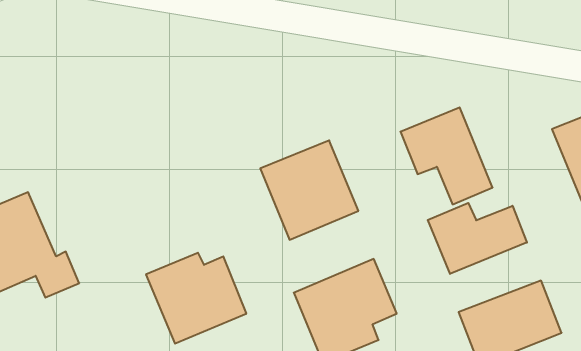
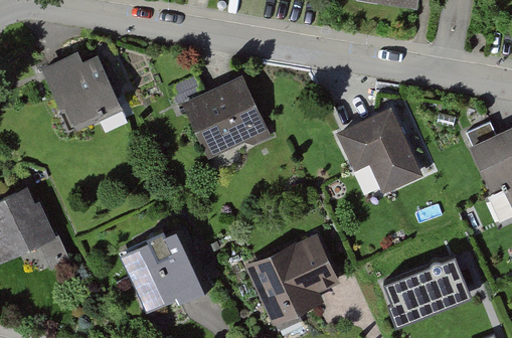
building: none -> [42,48,124,129]
building: [260,140,358,240] -> [185,74,267,157]
building: [428,203,527,274] -> none

